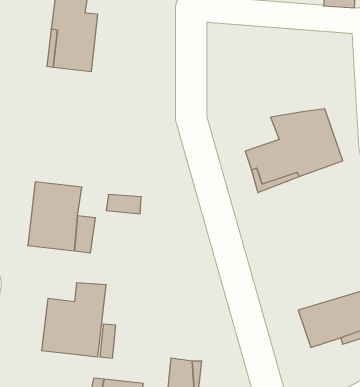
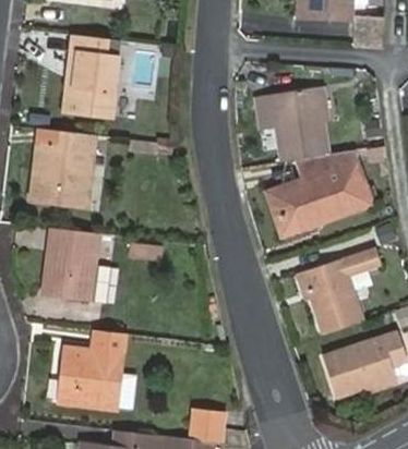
building: none -> [253,88,327,163]
building: none -> [34,130,96,206]
building: none -> [300,248,380,338]

